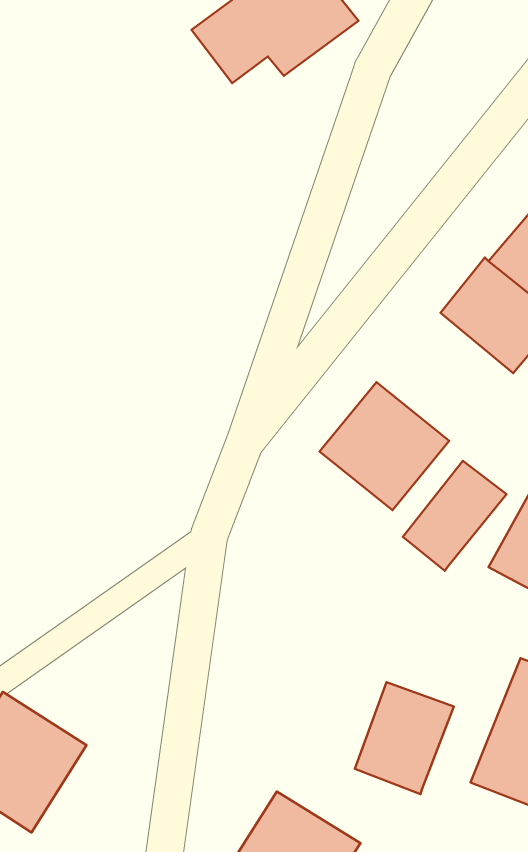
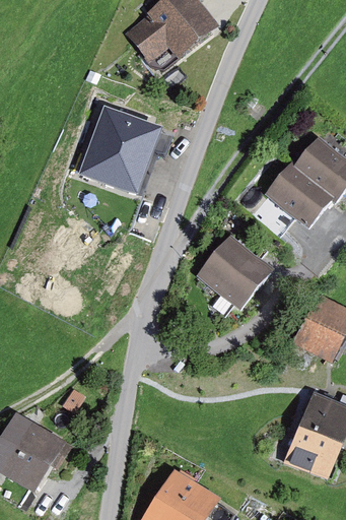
building: none -> [78,104,164,193]
building: [403,461,506,571] -> none
building: [355,682,454,794] -> none

